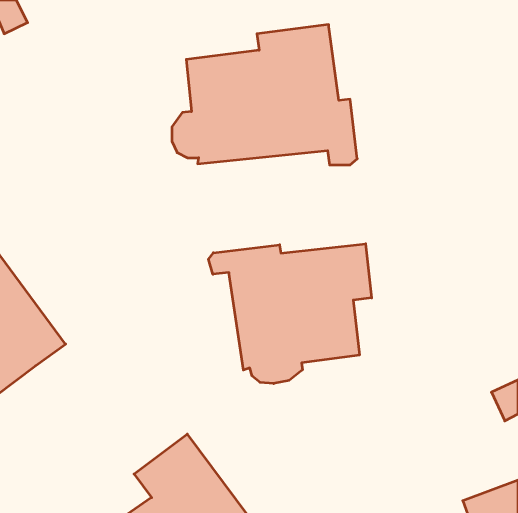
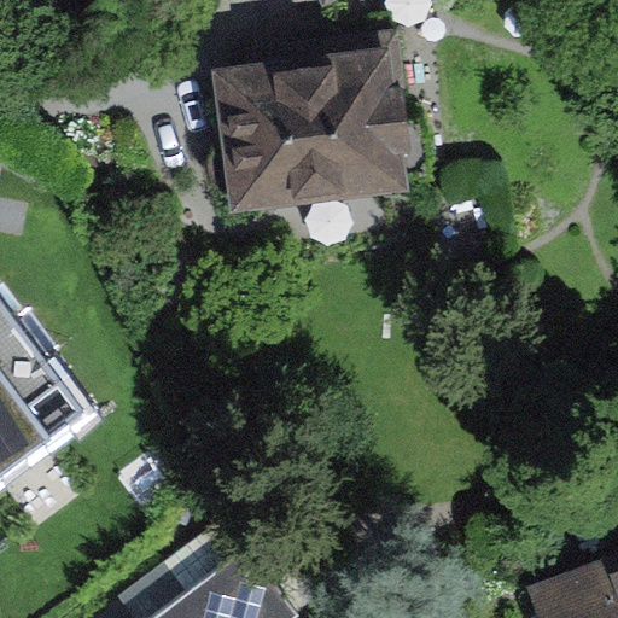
building: [208,244,372,384] -> none

